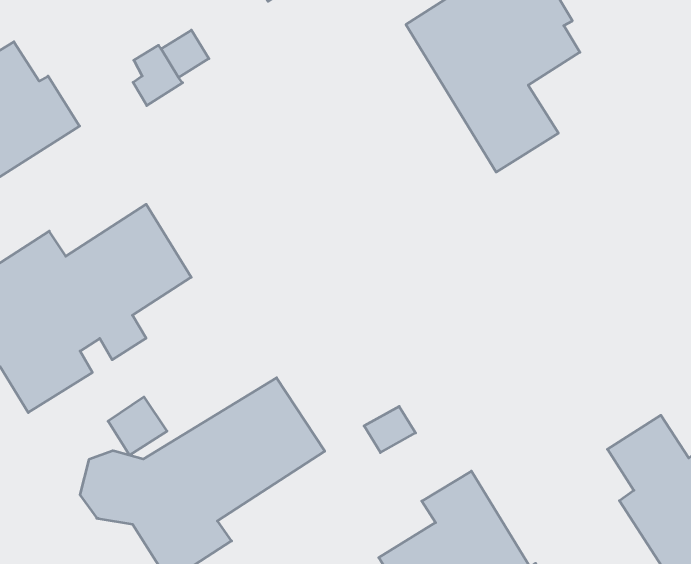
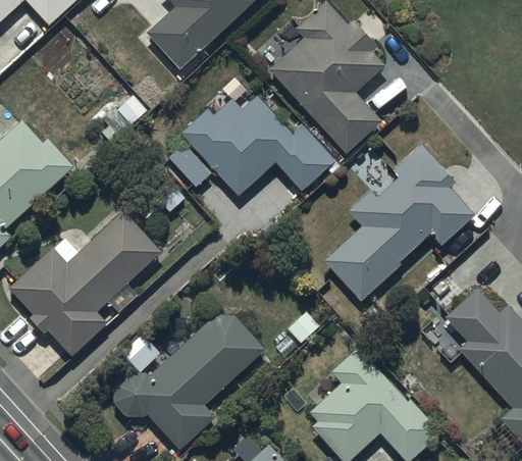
building: none -> [169,96,333,196]
building: none -> [324,146,474,300]

